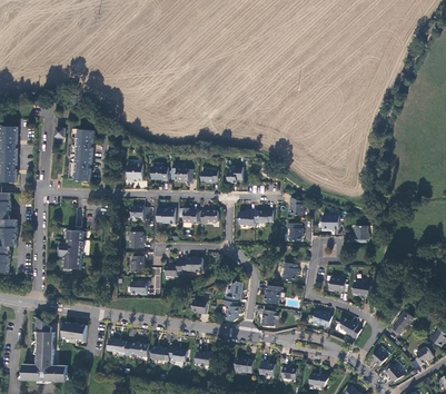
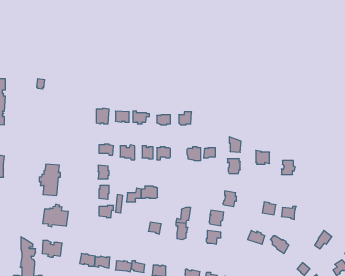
building: [72,129,93,181] -> none
building: none -> [43,204,68,227]

